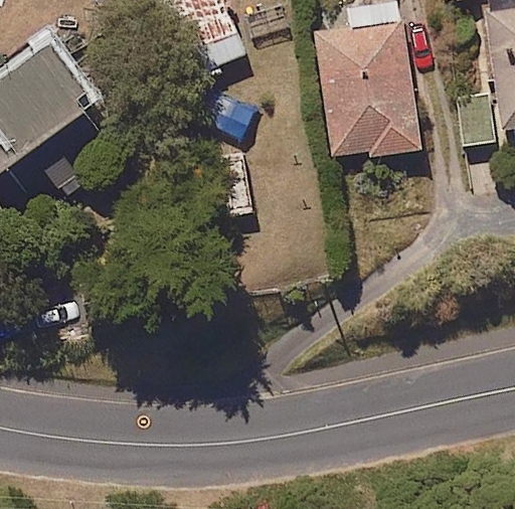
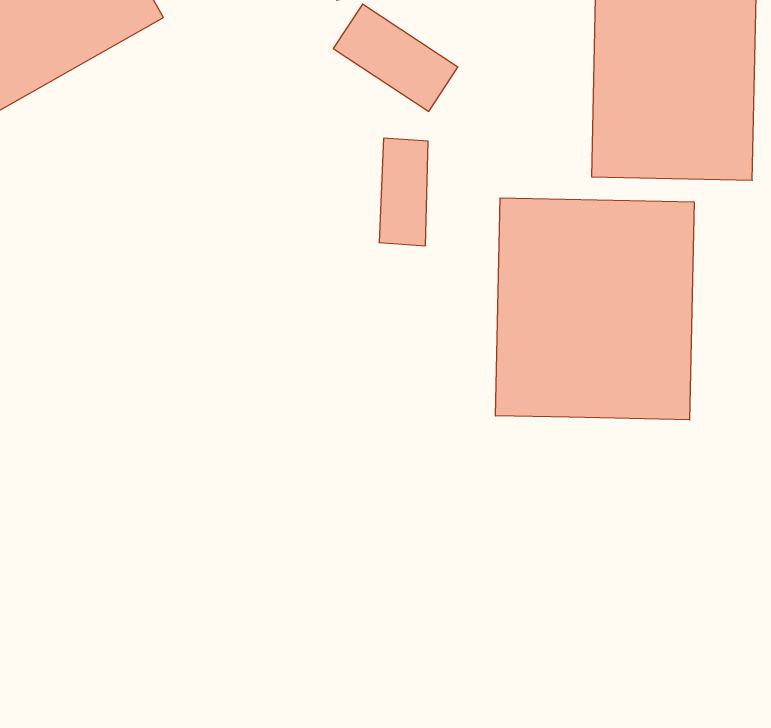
building: none -> [496,198,694,420]

